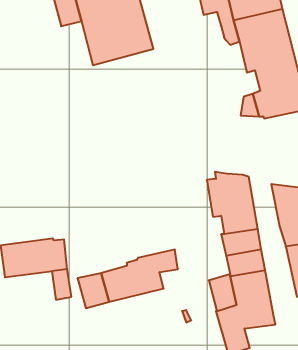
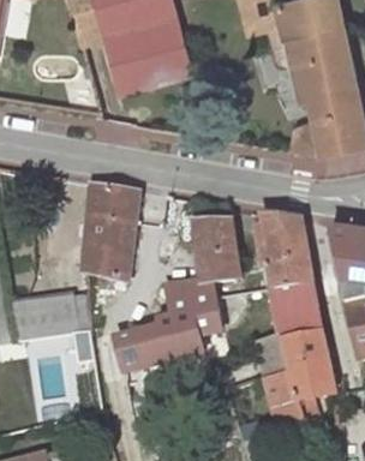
building: none -> [90,182,138,281]
building: none -> [167,218,241,318]

